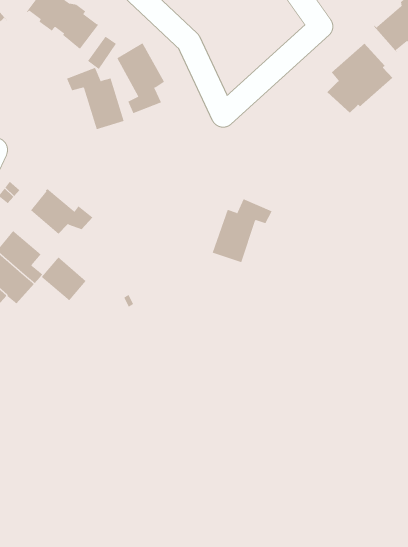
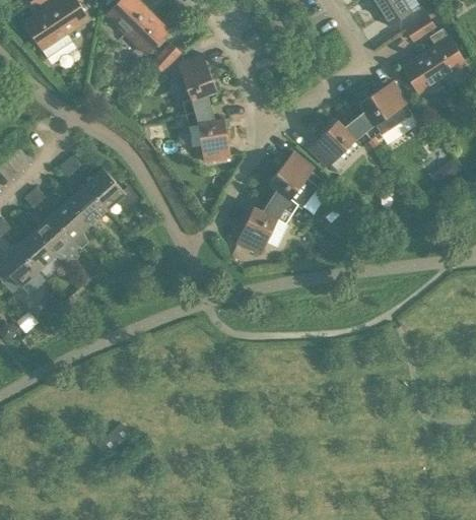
building: [66,67,125,130] -> [184,108,228,161]
building: none -> [308,119,369,171]
building: none -> [268,151,316,214]
building: [41,257,87,301] -> [67,184,106,223]

